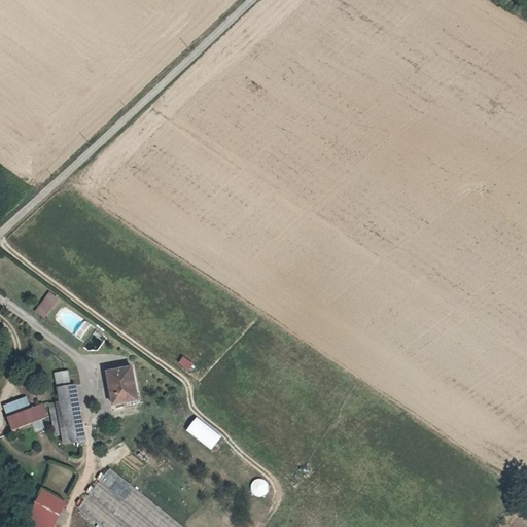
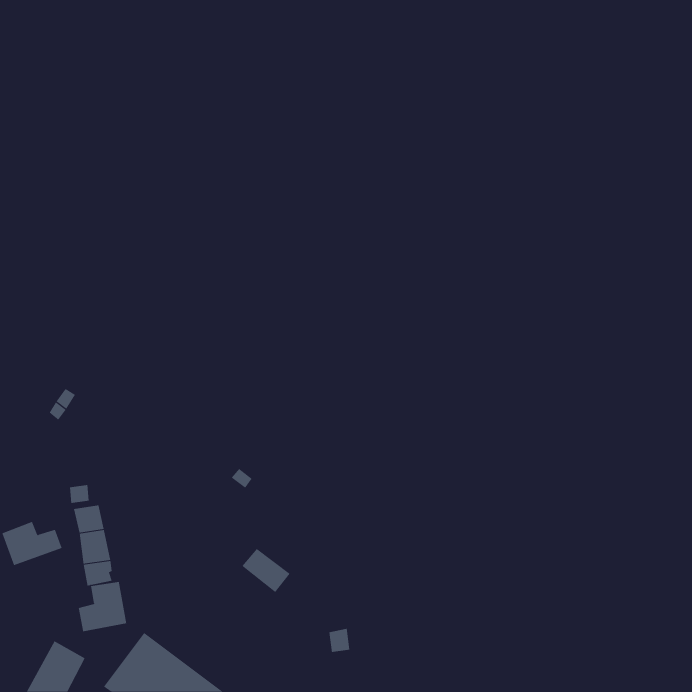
building: [107,367,137,406] -> none
building: none -> [78,581,127,632]

